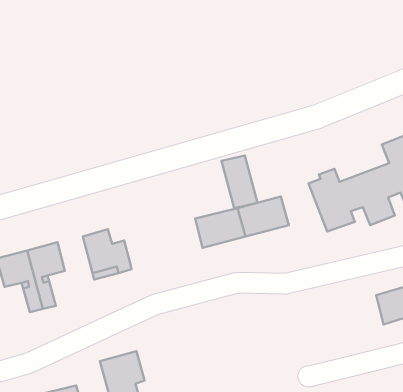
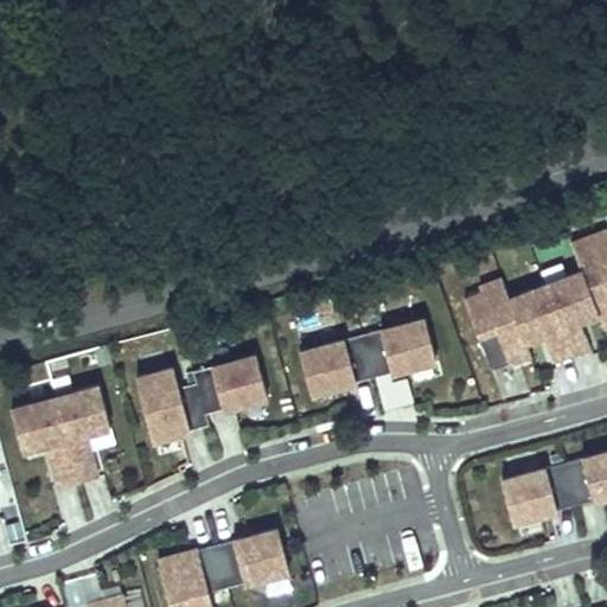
building: [222,155,257,208] -> none
building: none -> [193,357,263,415]
building: none -> [500,464,574,523]
building: none -> [215,528,293,588]

